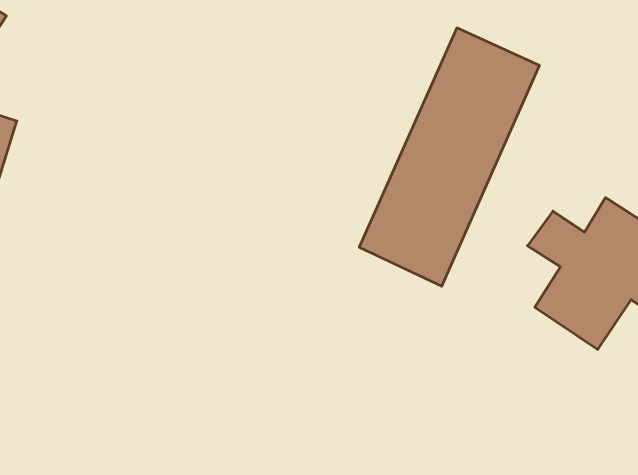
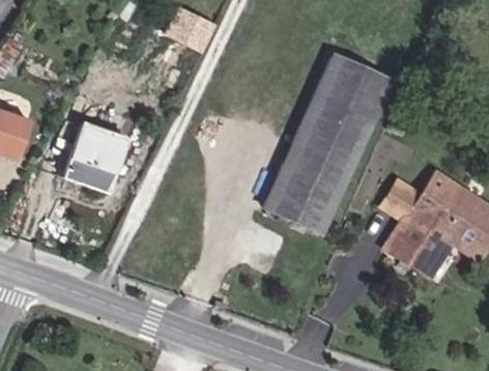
building: none -> [62,123,127,193]

